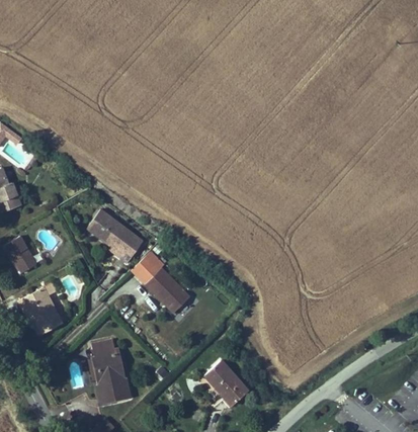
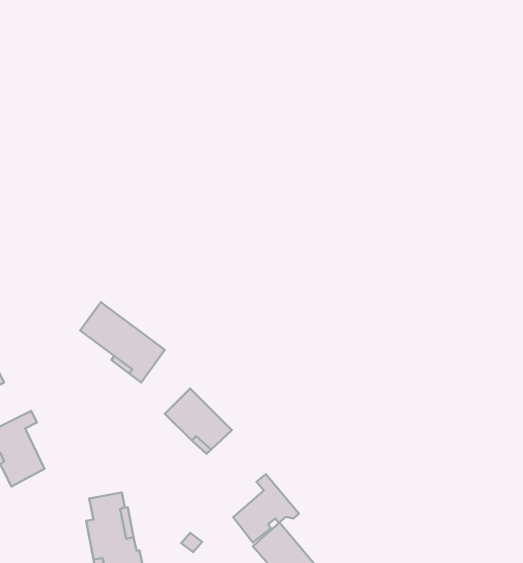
building: [132,252,165,285] -> none
building: none -> [233,474,299,542]

